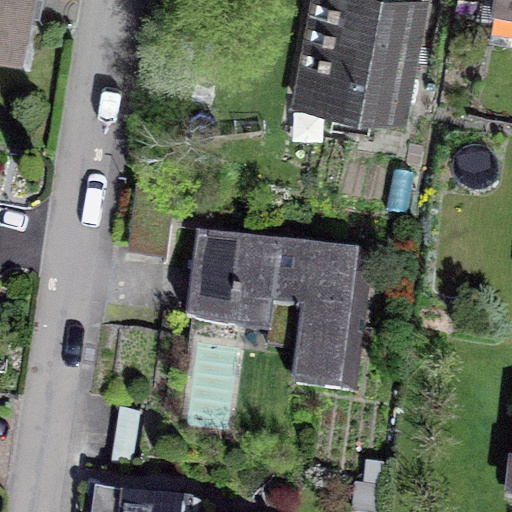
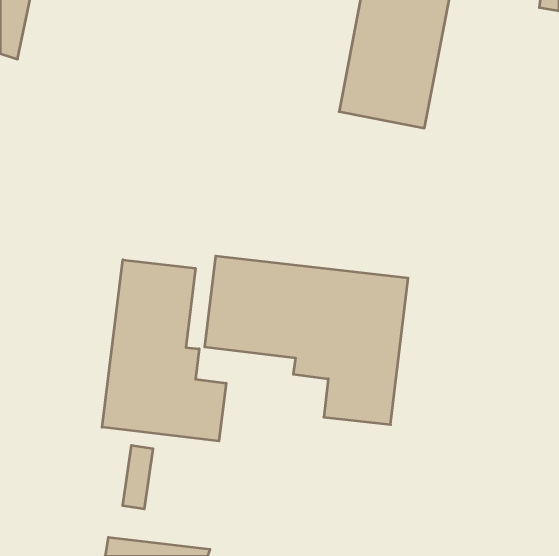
building: none -> [102,260,226,441]

